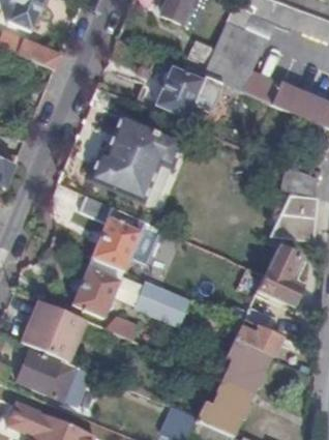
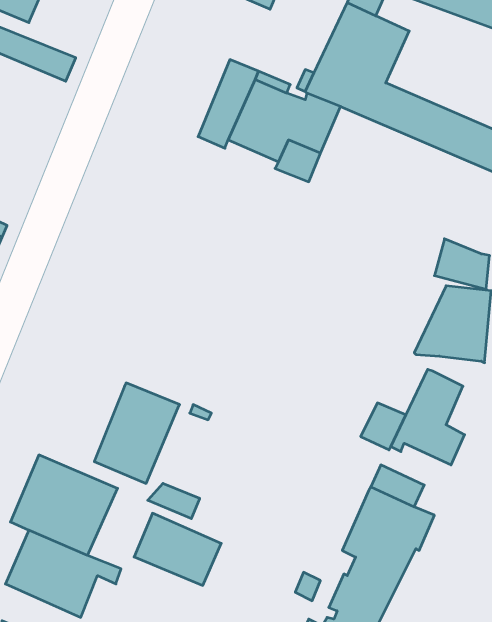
building: [88,115,182,202] -> none
building: [80,196,144,269] -> none
building: [134,281,188,325] -> [134,513,221,585]

